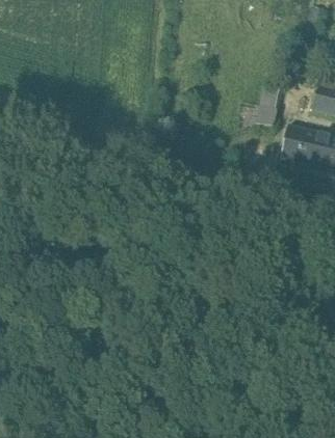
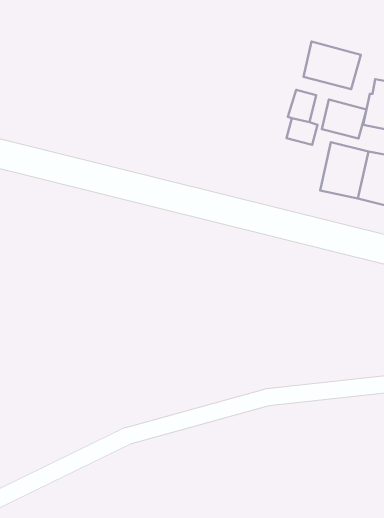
building: none -> [303,42,361,89]
building: none -> [322,99,366,139]

